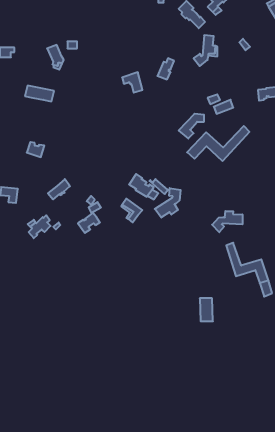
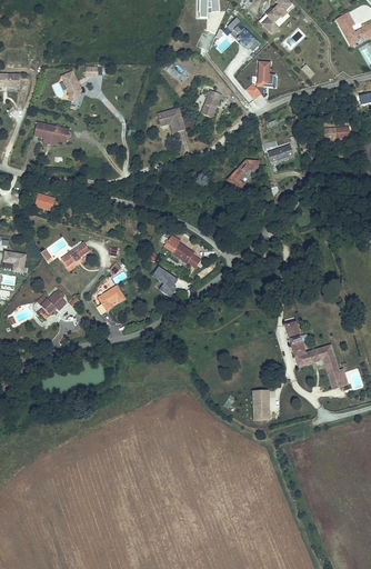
building: [187,126,249,161] -> none
building: [155,188,181,218] -> none
building: [212,211,242,232] -> none

